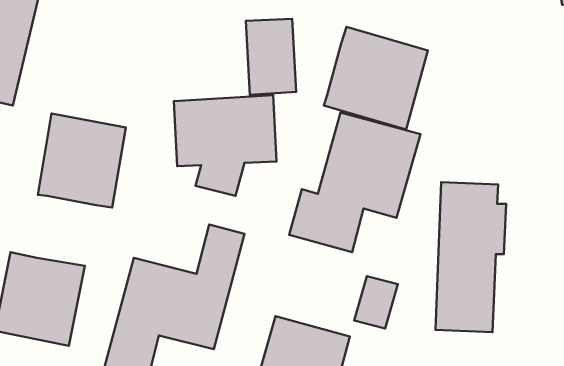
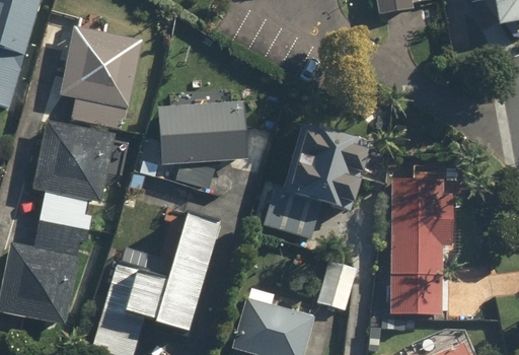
building: none -> [62,29,139,126]
building: [246,19,296,95] -> none
building: [324,27,428,130] -> none
building: none -> [34,191,92,253]

